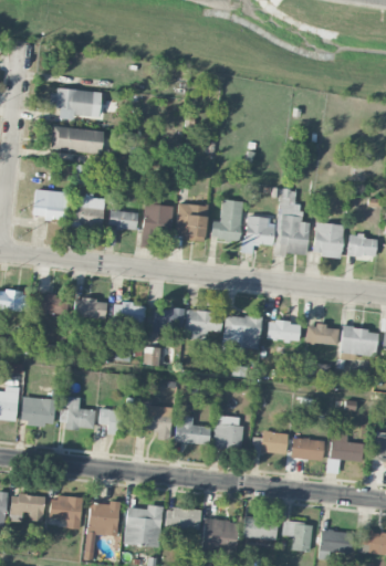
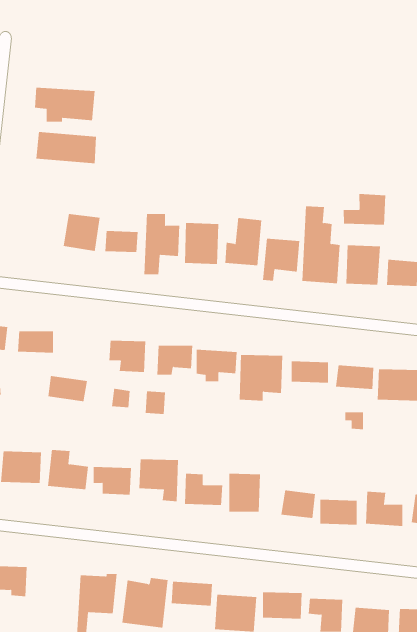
building: none -> [343,193,386,226]
building: [33,190,67,218] -> none
building: [74,297,108,319] -> [48,376,88,402]
building: [50,496,82,528] -> none

